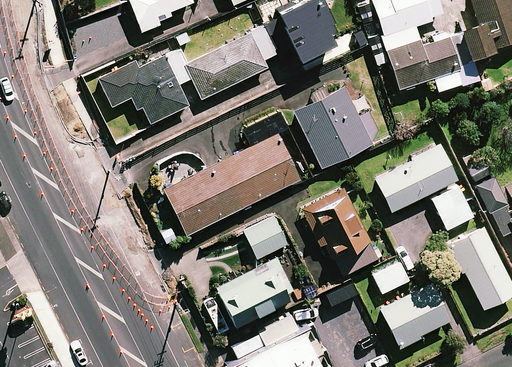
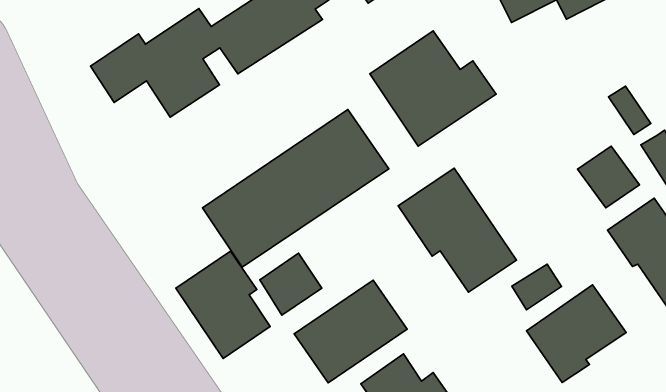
building: [375,147,457,212] -> none
building: [245,217,288,259] -> [260,253,322,315]
building: none -> [176,251,270,359]

